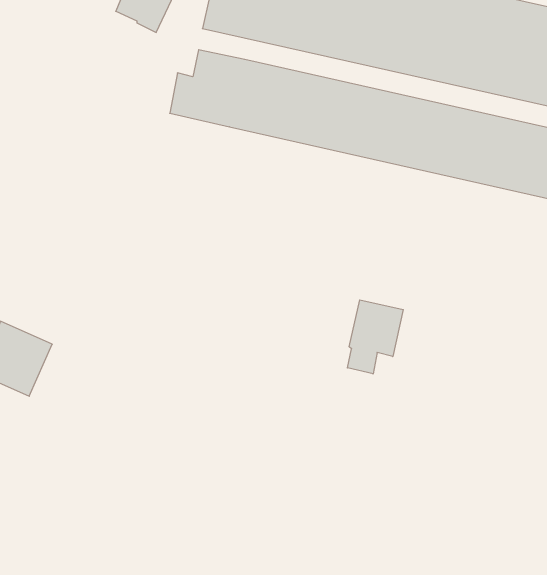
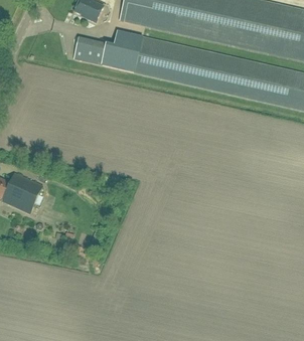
building: none -> [72,36,106,63]
building: [347,300,403,374] -> none

